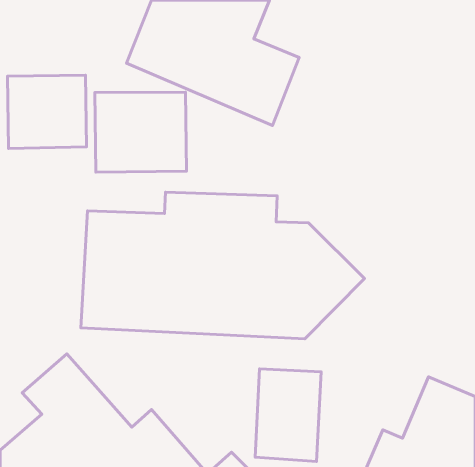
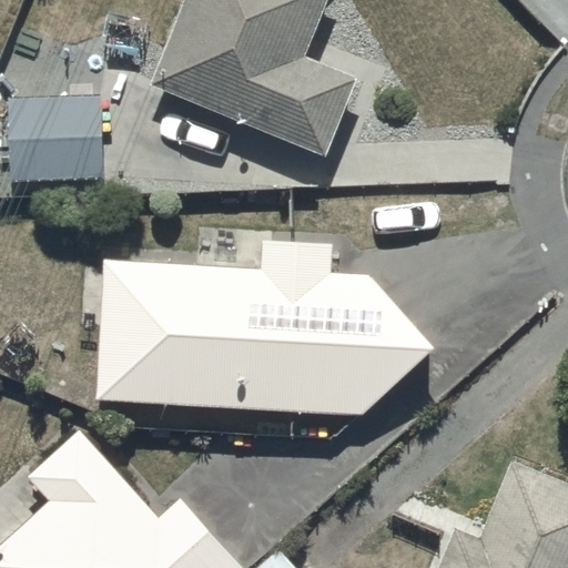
building: [95,92,186,172] -> none
building: [255,369,321,461] -> none

